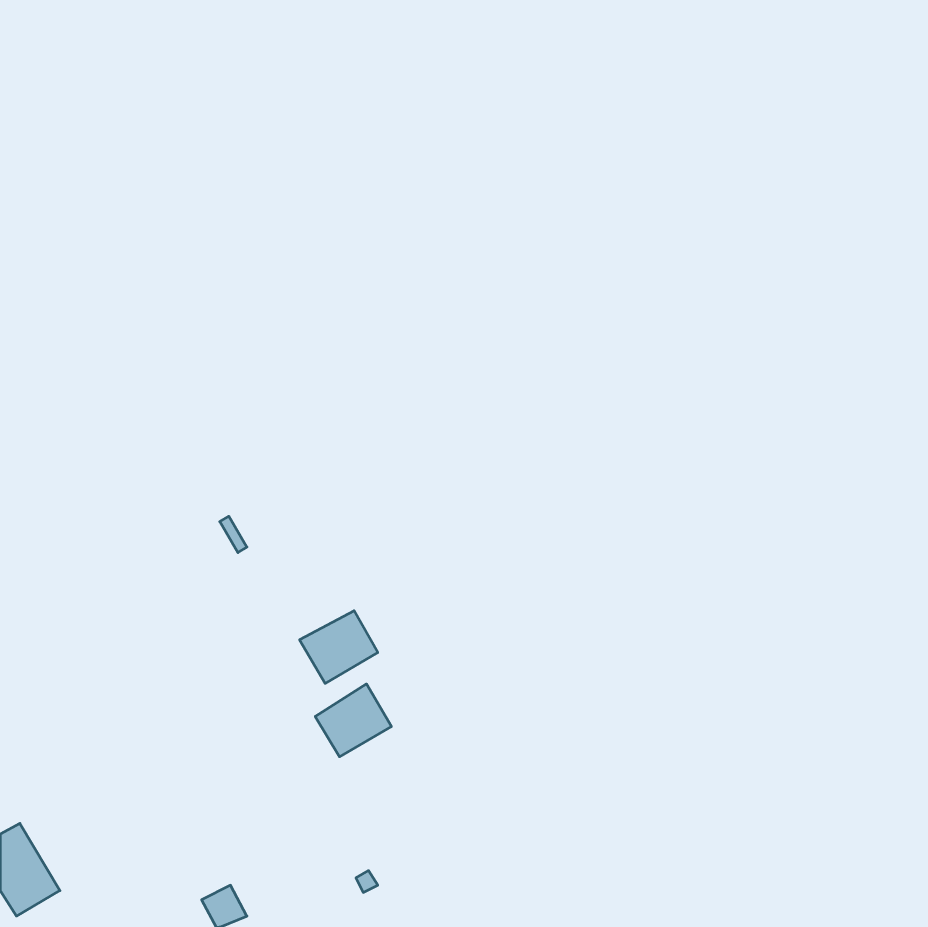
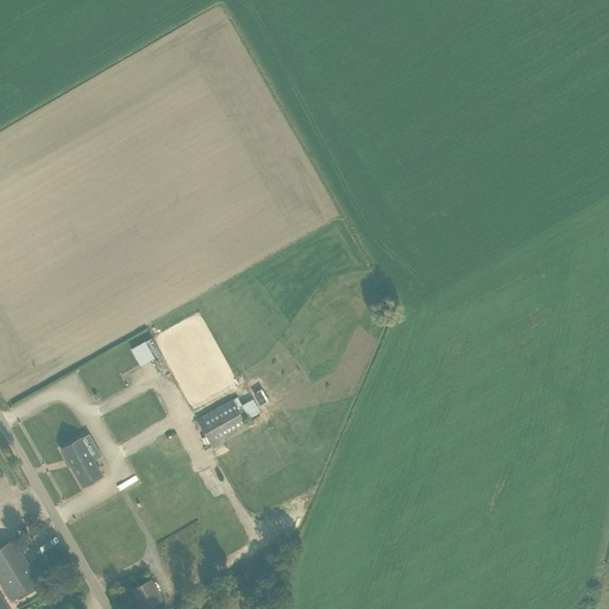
building: none -> [61,438,101,485]
building: [315,684,391,757] -> none

